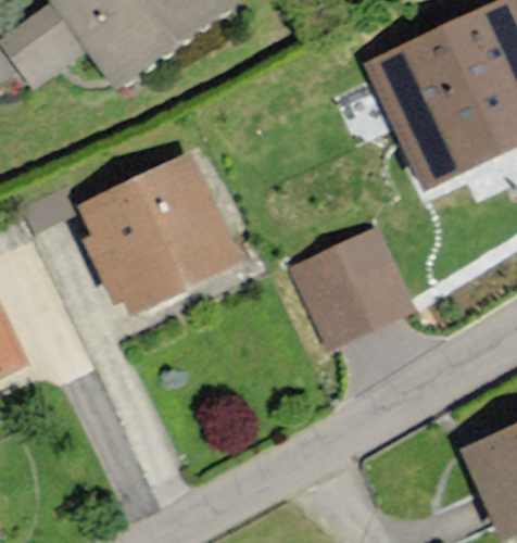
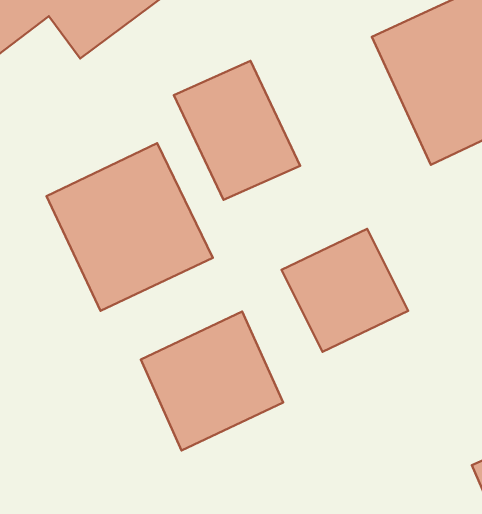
building: none -> [174,61,300,200]
building: none -> [141,311,283,451]

